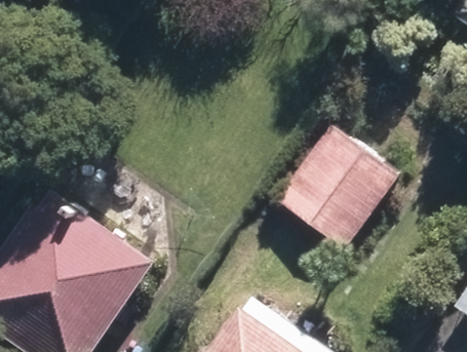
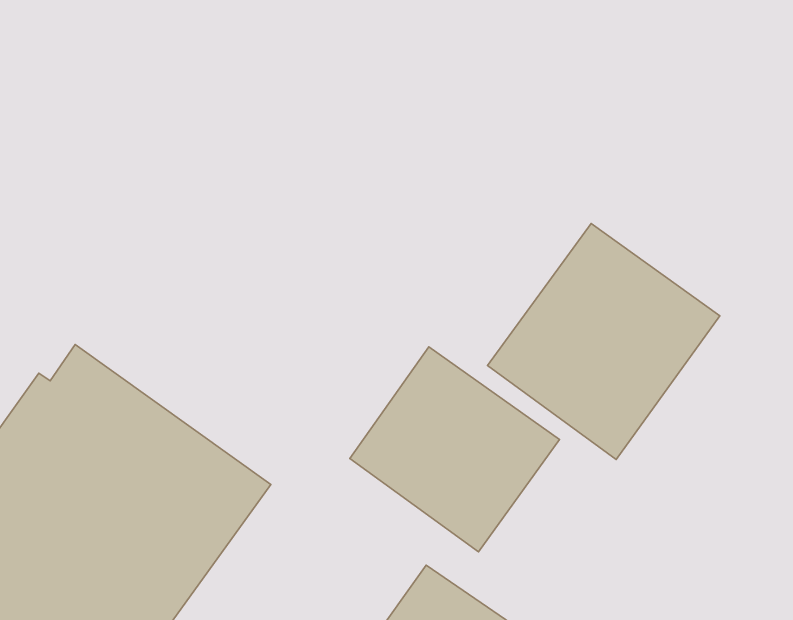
building: none -> [350,347,559,552]

